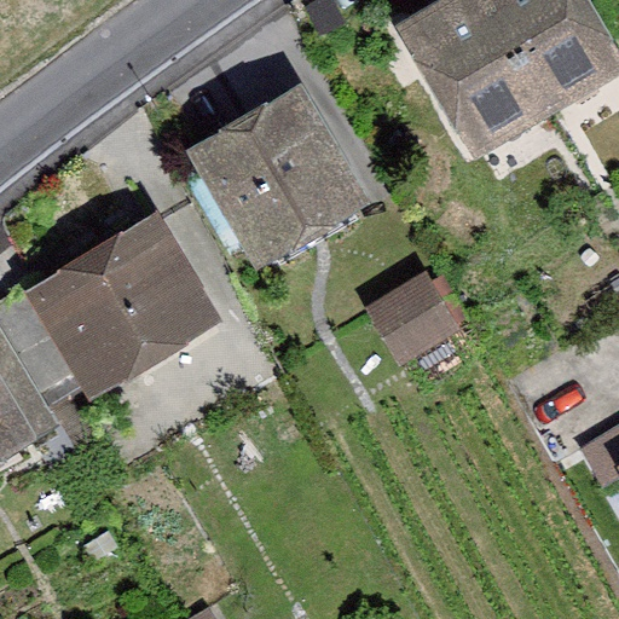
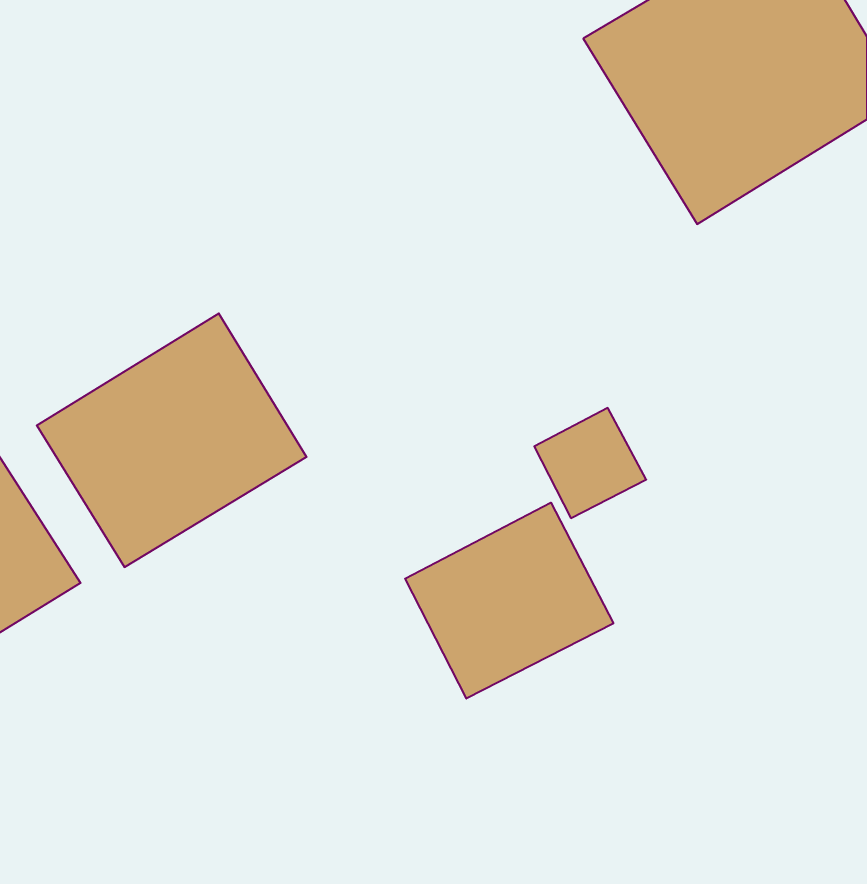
building: [191,91,364,264] -> none
building: none -> [405,503,613,699]

